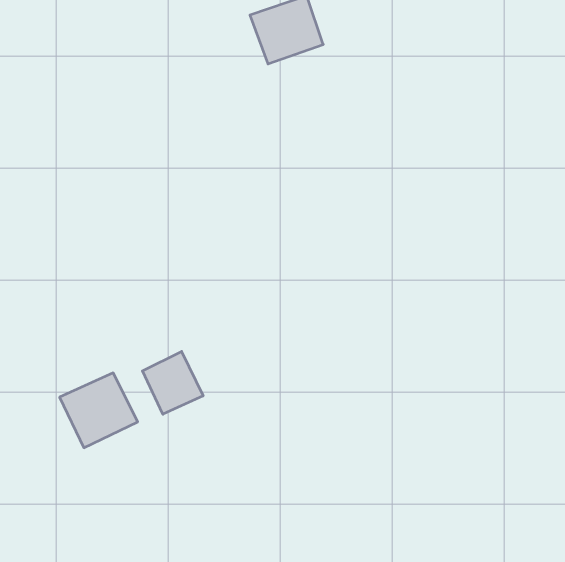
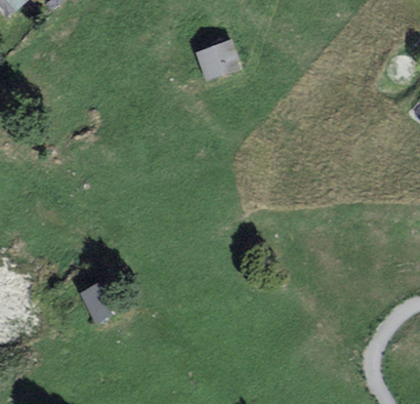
building: [142,351,203,414] -> none

